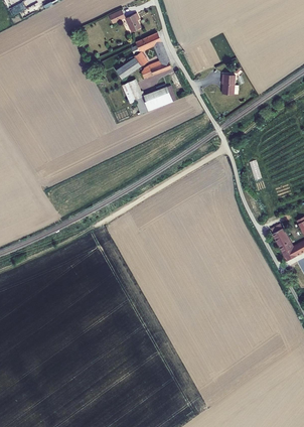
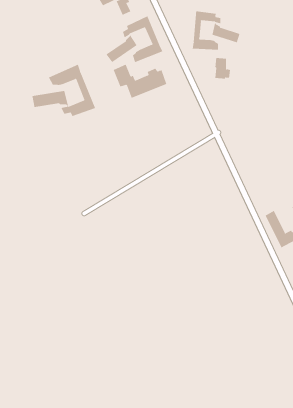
building: none -> [192,10,240,50]
building: none -> [32,64,96,117]

